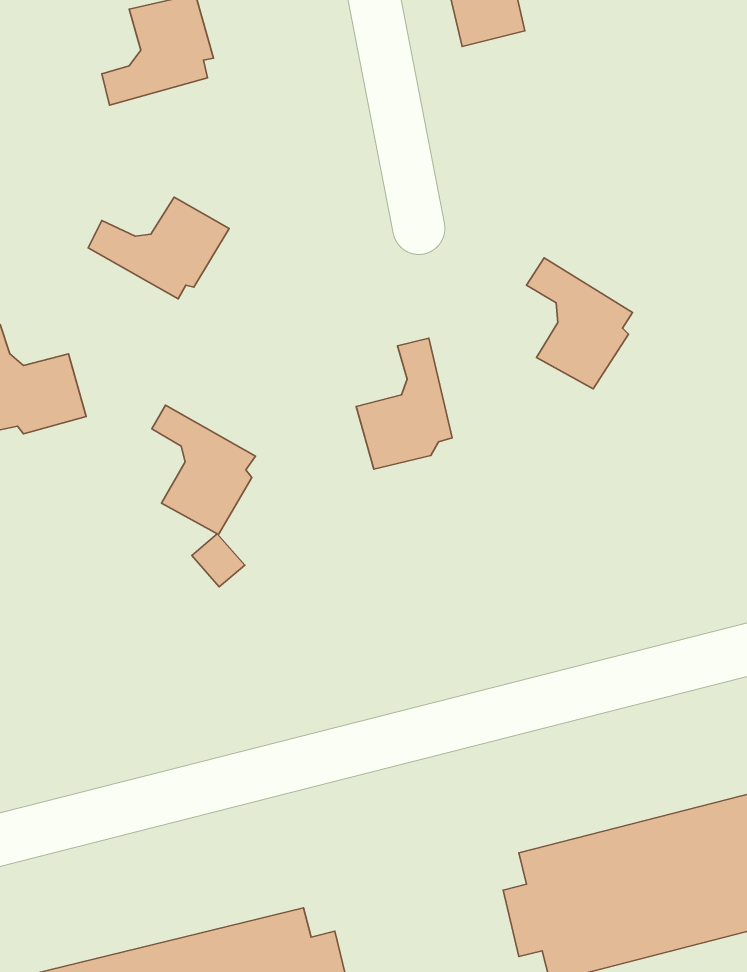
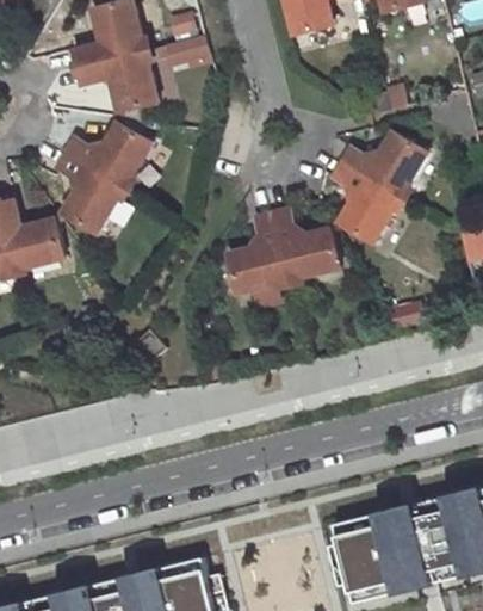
building: none -> [159,14,203,72]
building: none -> [79,51,157,112]
building: none -> [343,131,429,195]
building: none -> [273,205,340,274]
building: [152,405,256,534] -> [57,155,120,234]

